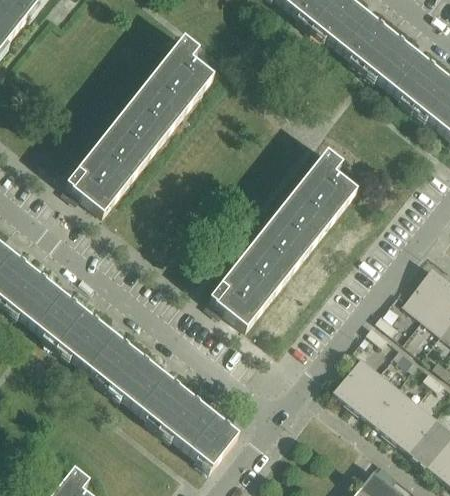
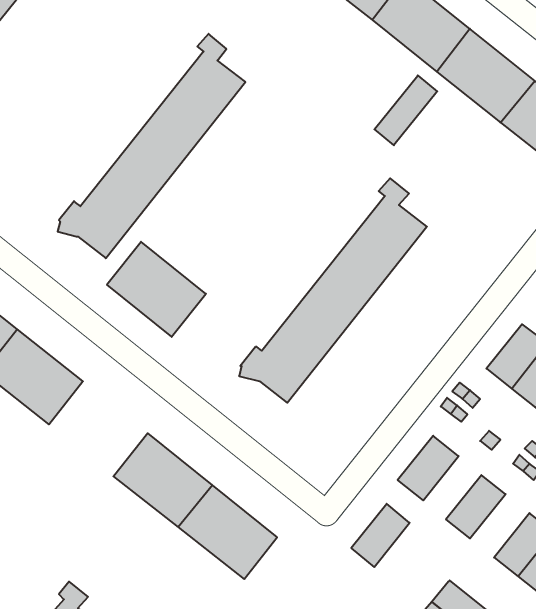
building: none -> [374,75,437,145]
building: [57,308,135,383] -> [107,242,206,337]
building: [352,367,398,417] -> [351,504,410,567]
building: [389,397,436,447] -> none

